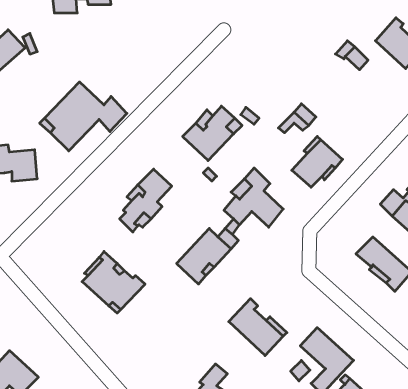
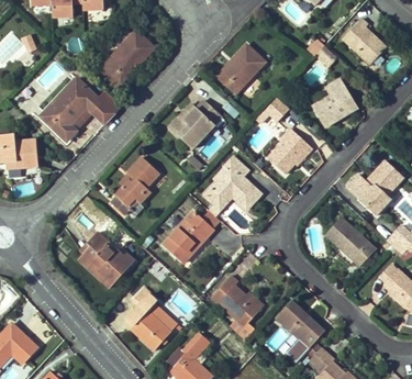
building: none -> [96,31,154,90]
building: none -> [218,45,265,93]
building: none -> [314,80,358,127]
building: none -> [127,293,178,350]

